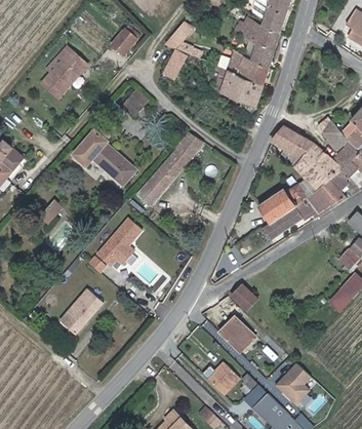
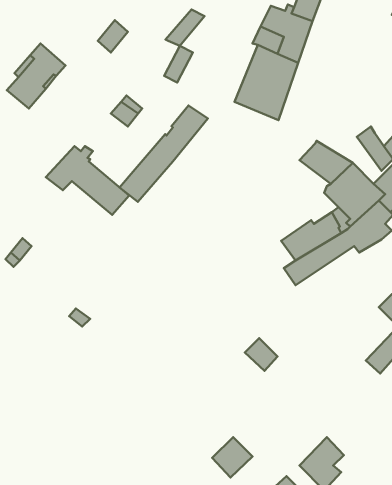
building: [135,131,205,207] -> [120,106,208,202]
building: [99,217,146,266] -> none
building: [58,288,104,335] -> none
building: [216,315,252,350] -> none

